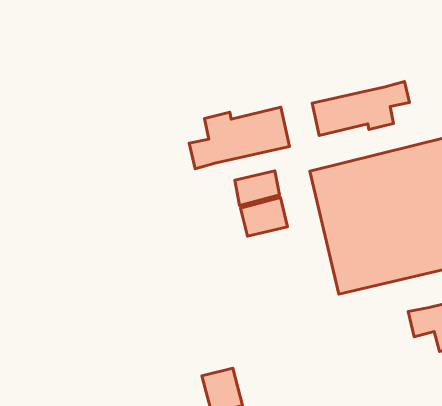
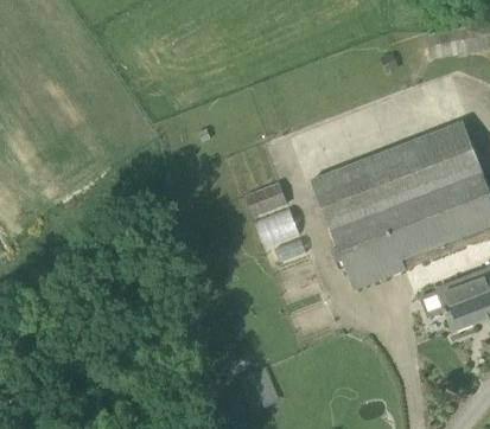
building: [312,82,409,135] -> none
building: [189,107,290,169] -> none

